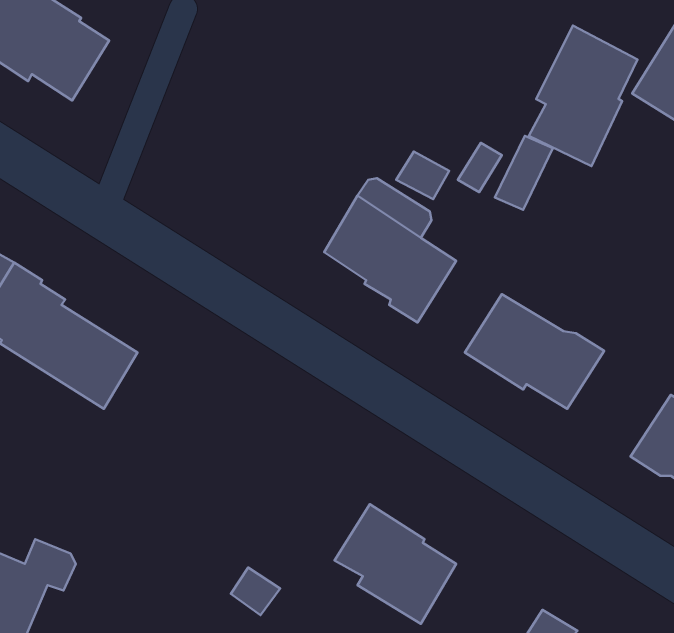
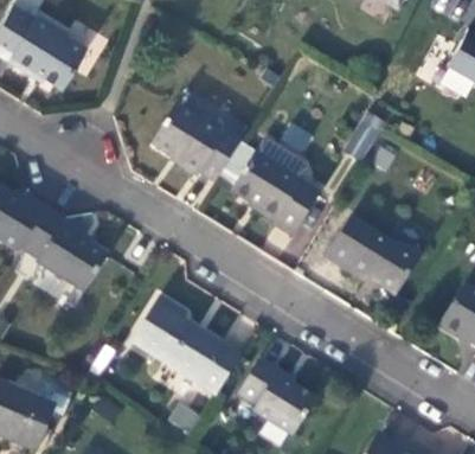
building: [529,26,637,166] -> none
building: none -> [149,105,238,181]
building: none -> [130,294,238,391]

